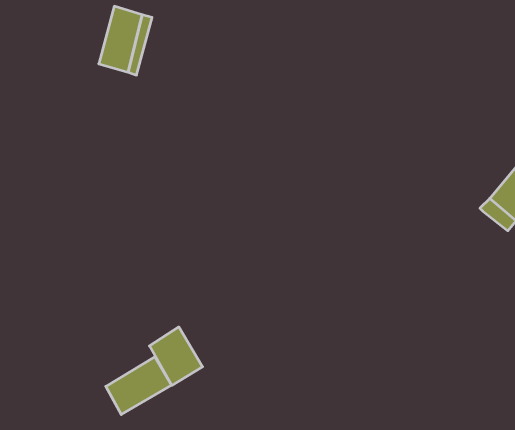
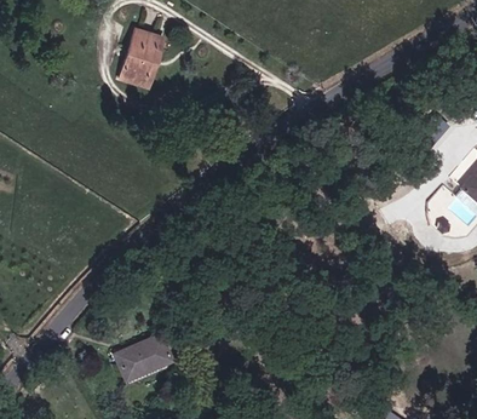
building: [149,327,203,385] -> none

